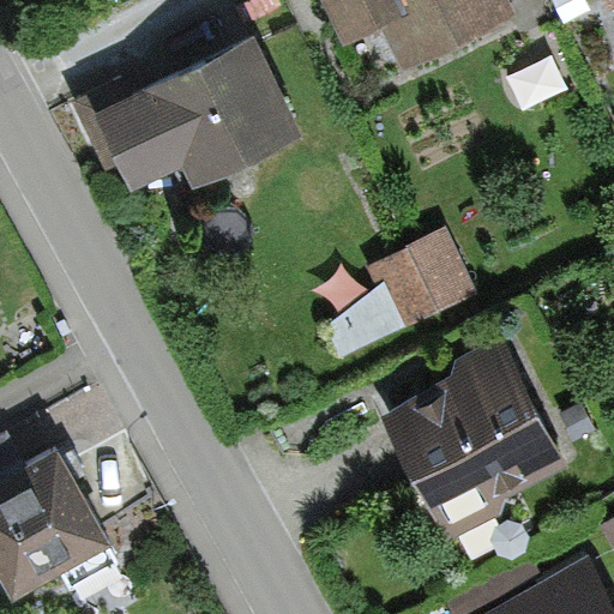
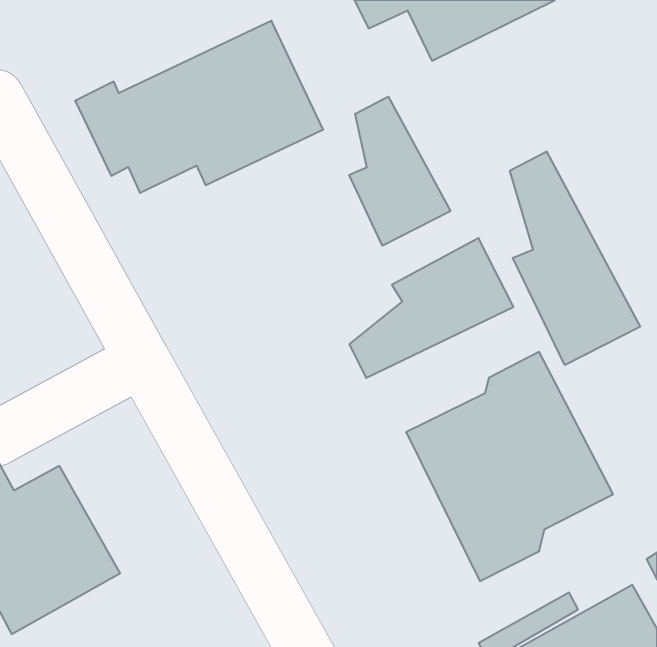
building: none -> [349,97,450,246]
building: none -> [510,151,640,365]

